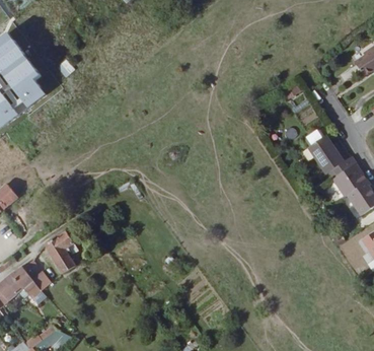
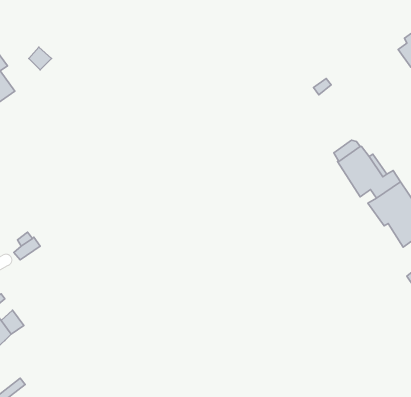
building: [45,229,76,273] -> none

